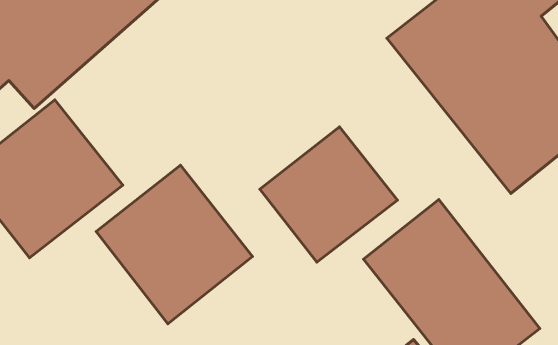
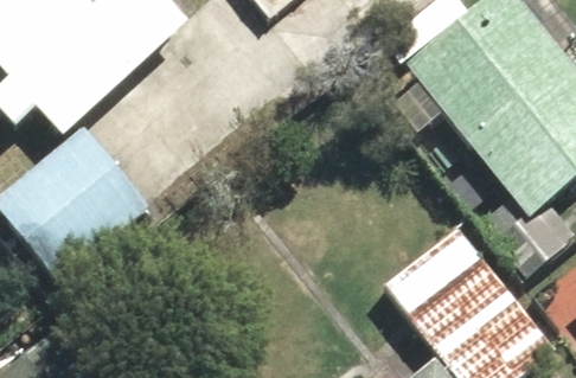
building: [260,127,397,262] -> none
building: [96,165,252,324] -> none

